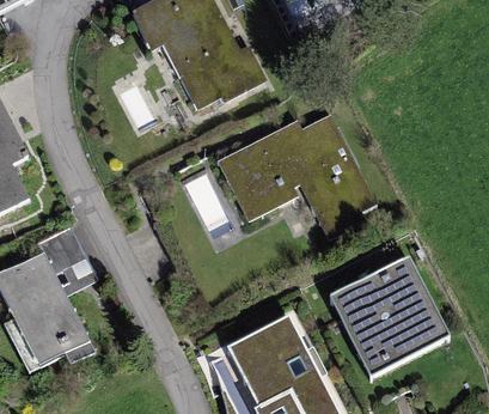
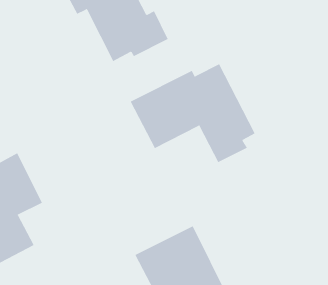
building: [325,252,448,377] -> none

